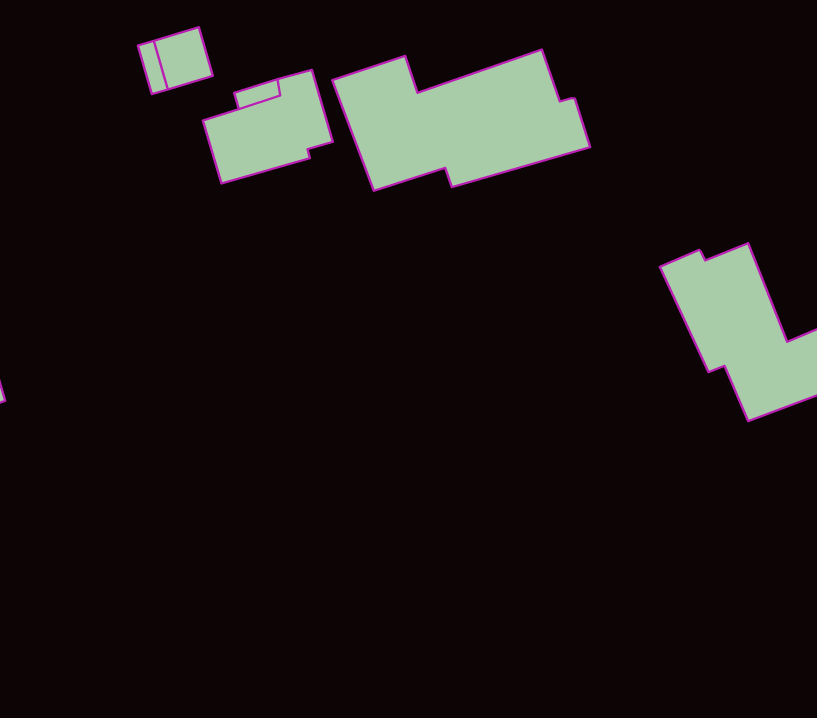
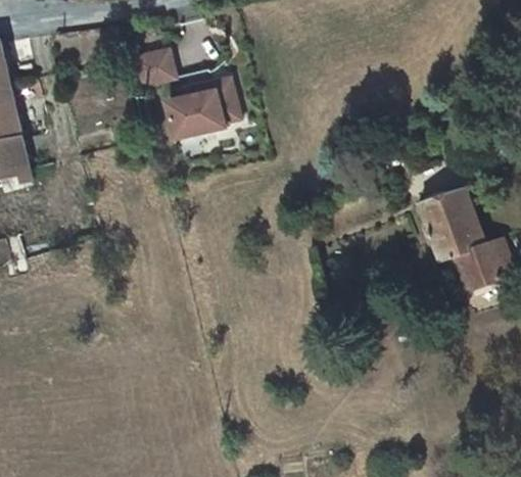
building: [332,50,590,191] -> none

